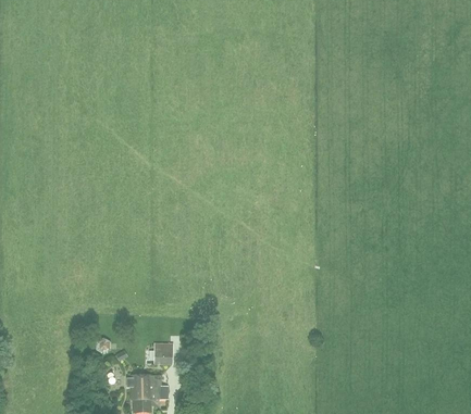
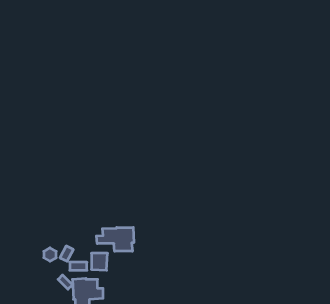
building: none -> [96,227,134,251]

